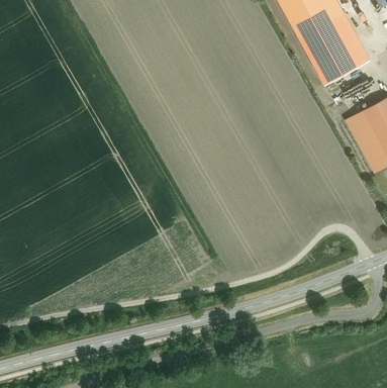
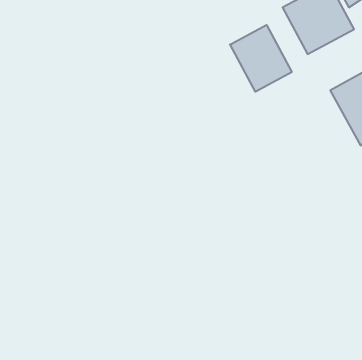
building: none -> [230,25,292,92]

